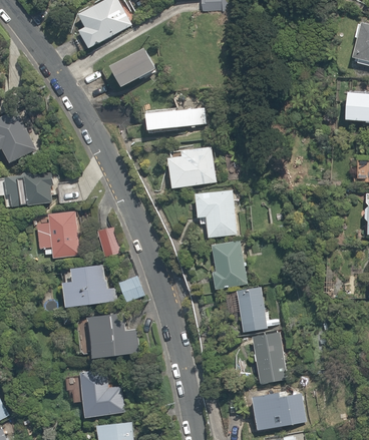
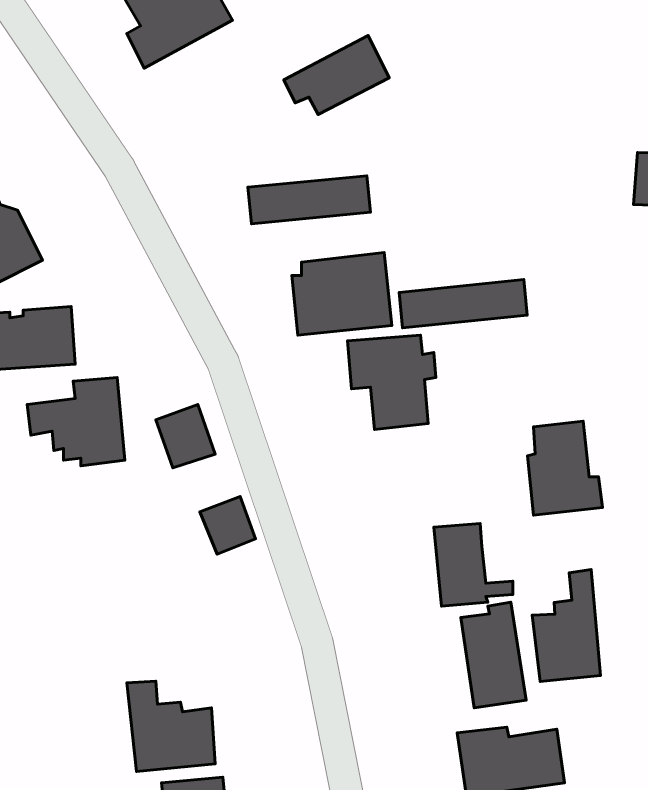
building: [101,46,156,87] -> [284,36,389,114]
building: none -> [399,280,527,328]
building: [210,239,249,288] -> [528,421,602,515]
building: [61,265,117,307] -> none
building: none -> [532,569,601,682]
building: [77,313,136,357] -> none

